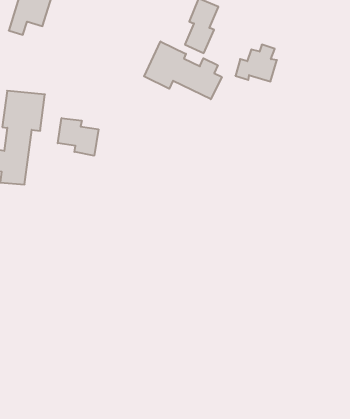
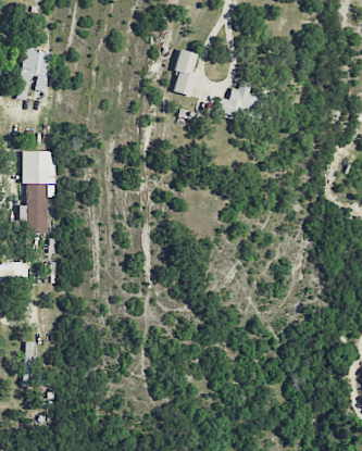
building: [144,41,222,99] -> none
building: [58,118,98,156] -> none

